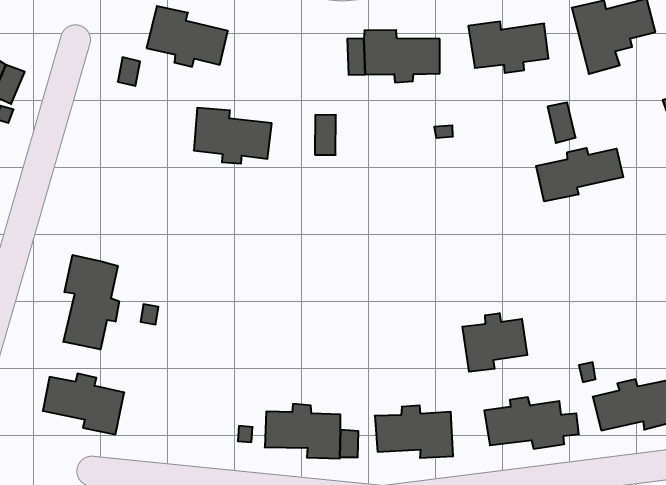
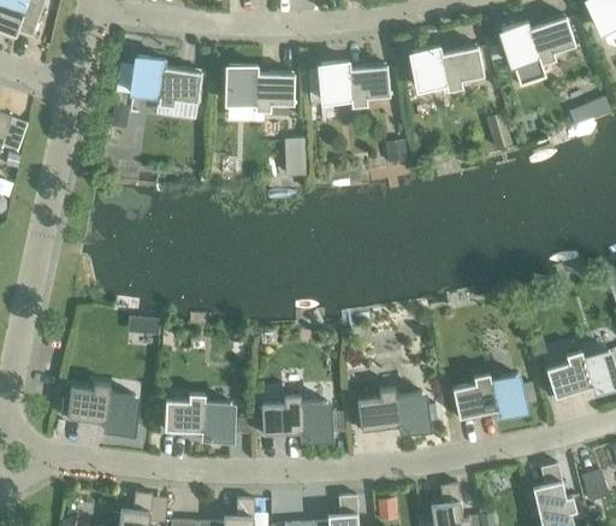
building: [194,108,272,164] -> [229,67,295,113]
building: [536,148,623,201] -> none
building: [63,255,119,350] -> none
building: [462,313,527,372] -> none
building: none -> [164,395,231,442]

